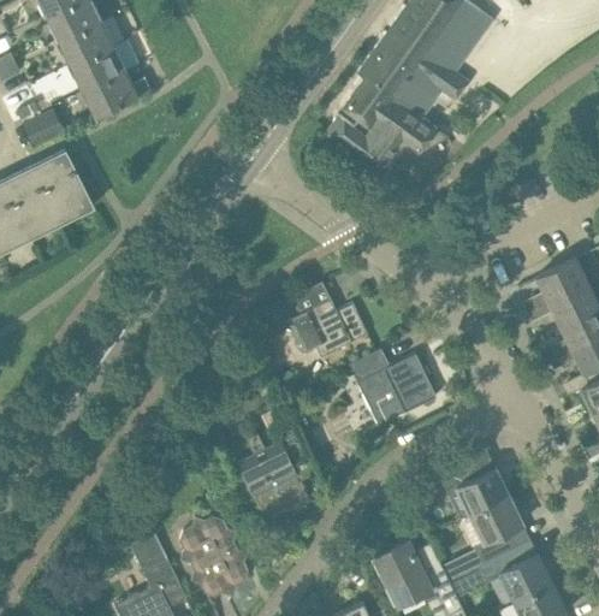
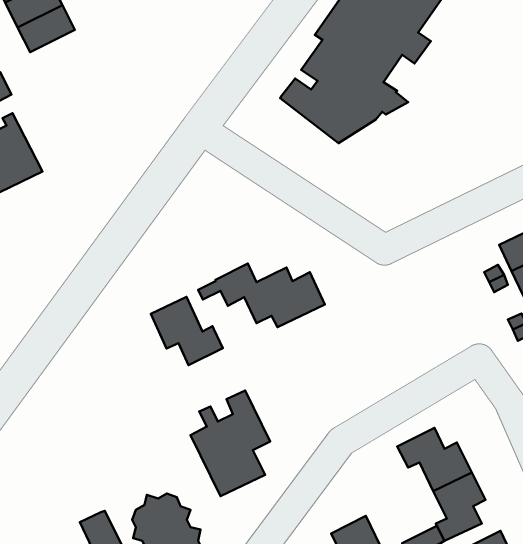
building: [82,69,138,117] -> none
building: none -> [151,297,223,365]
building: [349,349,435,425] -> none

